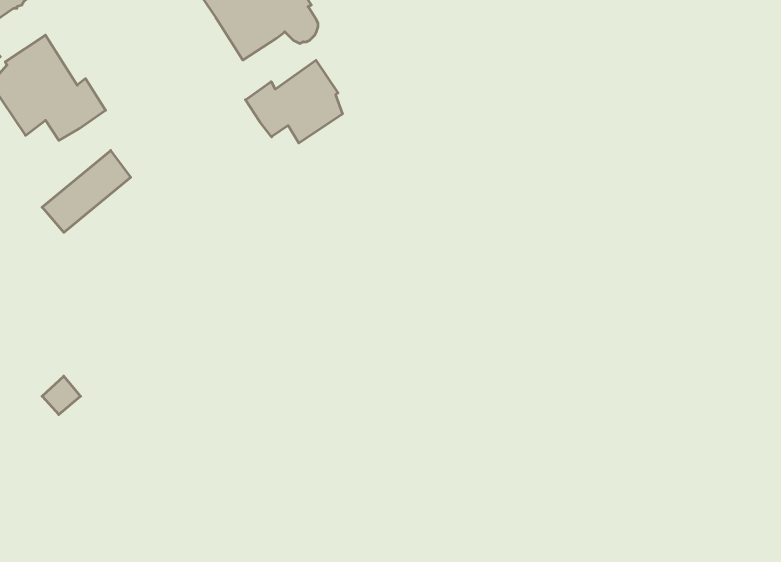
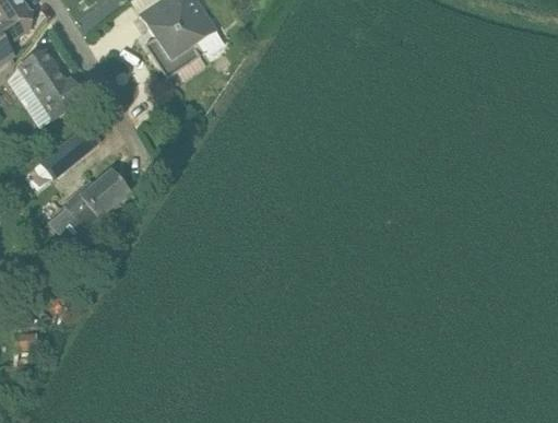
building: [245,60,342,143] -> none
building: none -> [61,169,128,233]

